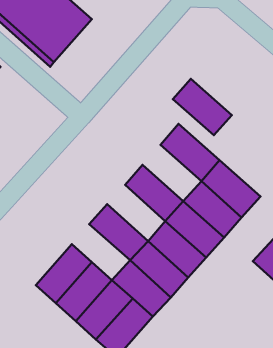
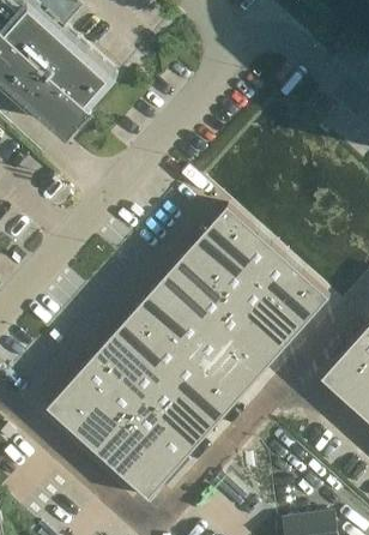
building: [173,79,232,135] -> [181,233,255,303]
building: none -> [137,283,210,354]
building: none -> [92,332,165,403]

